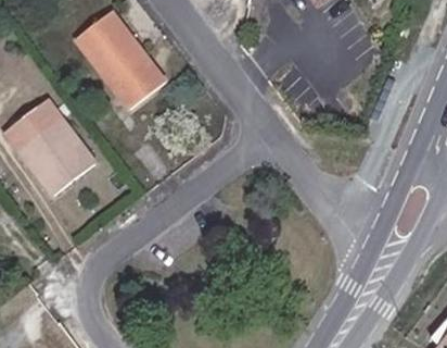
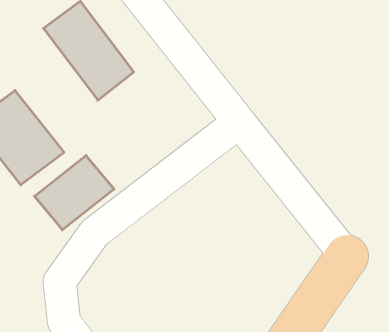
building: none -> [34,155,114,230]

